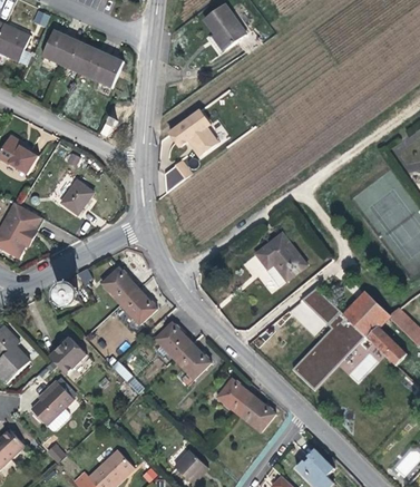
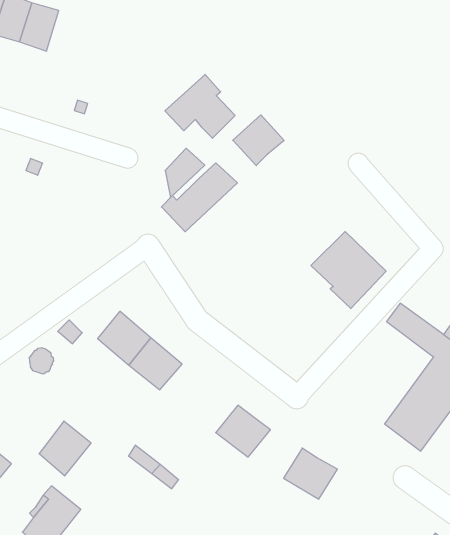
building: [94,53,124,88] -> none
building: none -> [233,115,284,166]
building: none -> [161,163,237,232]
building: [61,181,94,214] -> none
building: [155,322,192,361] -> none
building: [238,396,275,432] -> none

